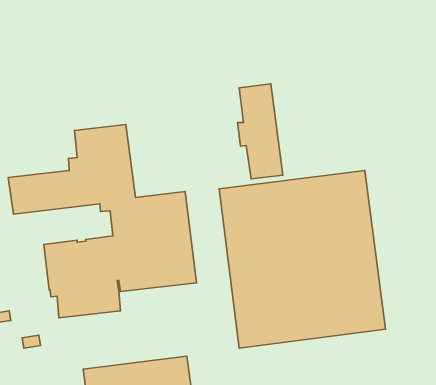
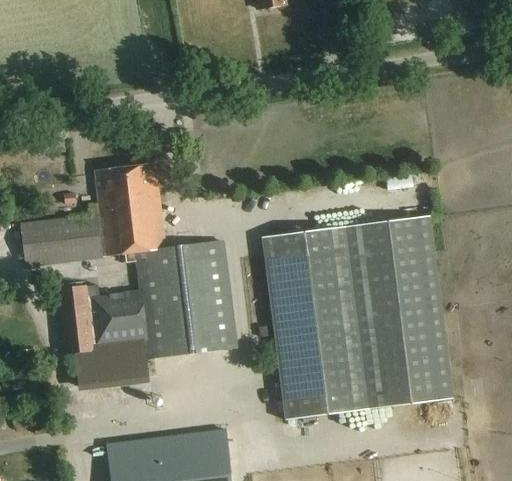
building: [238,84,283,179] -> none

